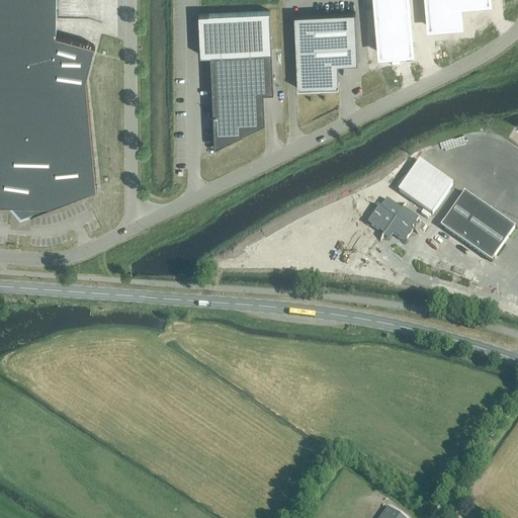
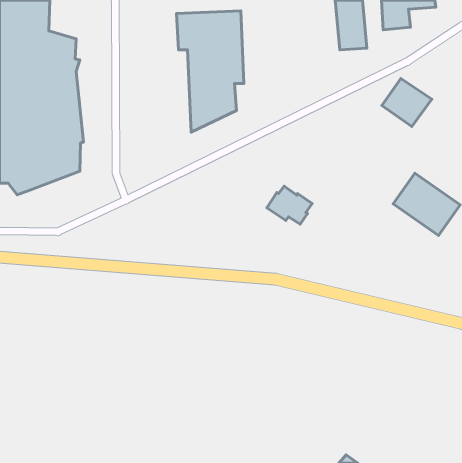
building: [292,13,357,88] -> none
building: [397,162,452,215] -> [382,78,432,126]
building: [366,200,417,243] -> [267,186,312,224]

